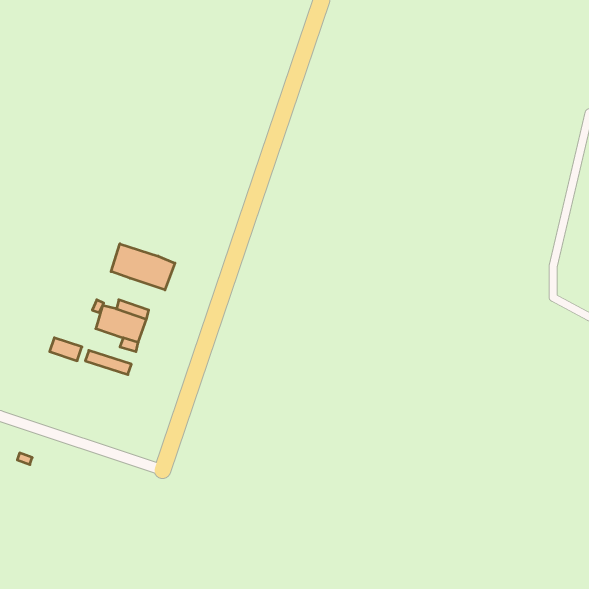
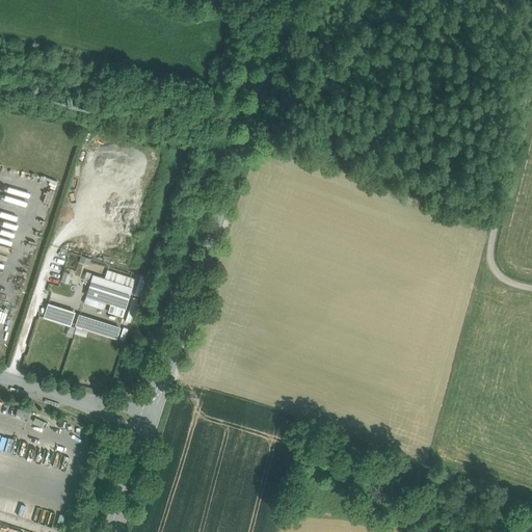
building: [111,244,175,290] -> none

